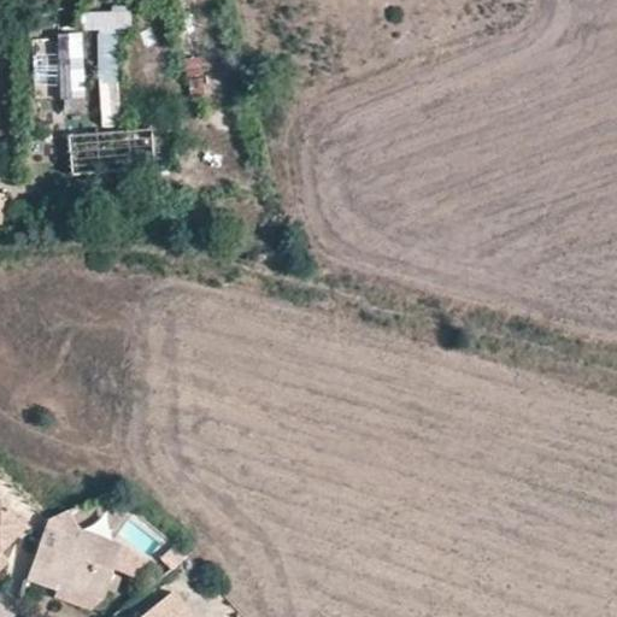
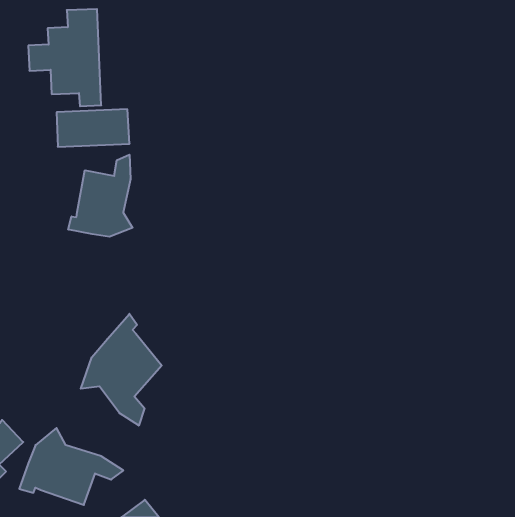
building: none -> [68,155,133,237]
building: none -> [81,314,162,426]

